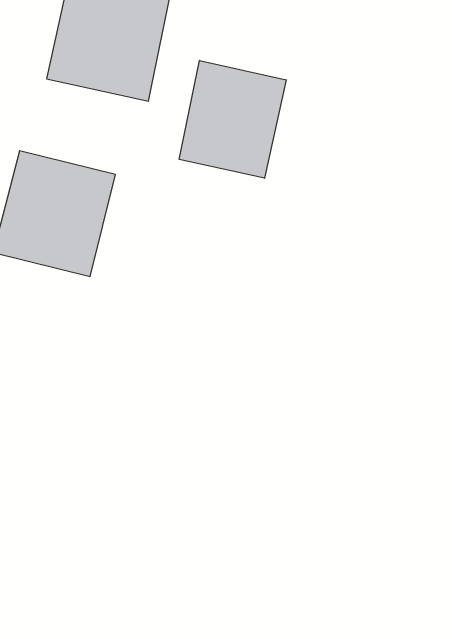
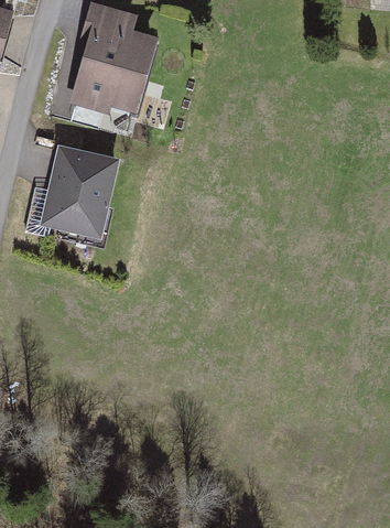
building: [179,60,286,178] -> none

